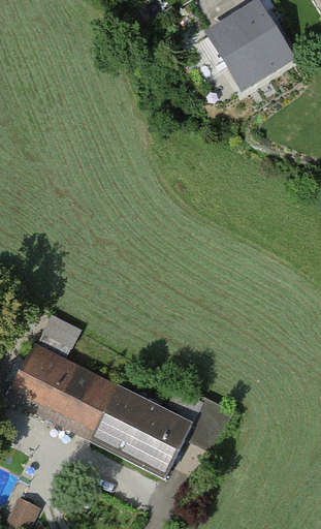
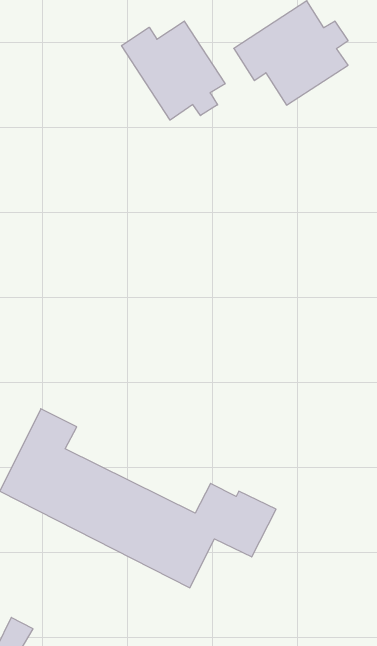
building: none -> [122,21,225,120]

